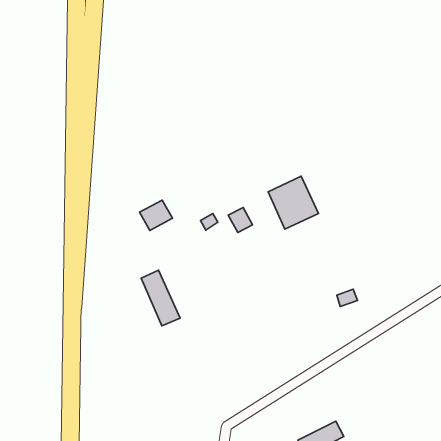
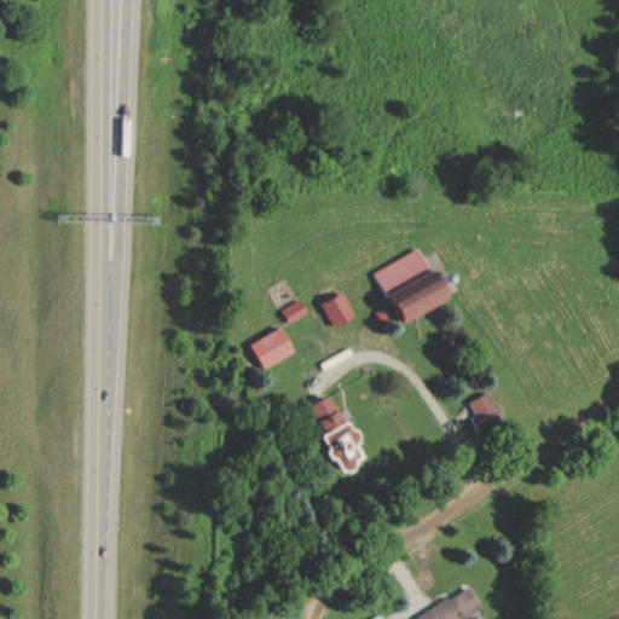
building: [140,200,172,230] -> [249,328,295,370]
building: [141,270,180,326] -> [308,395,363,473]

